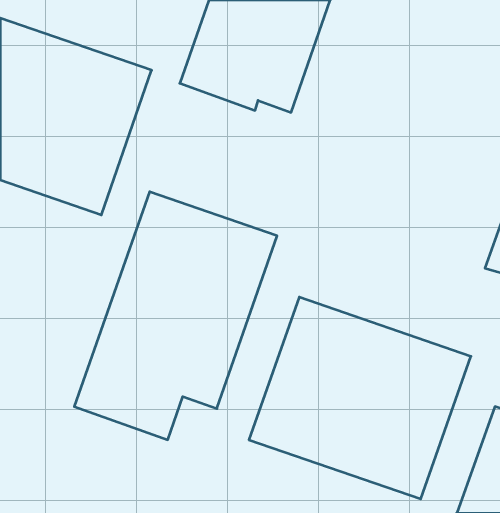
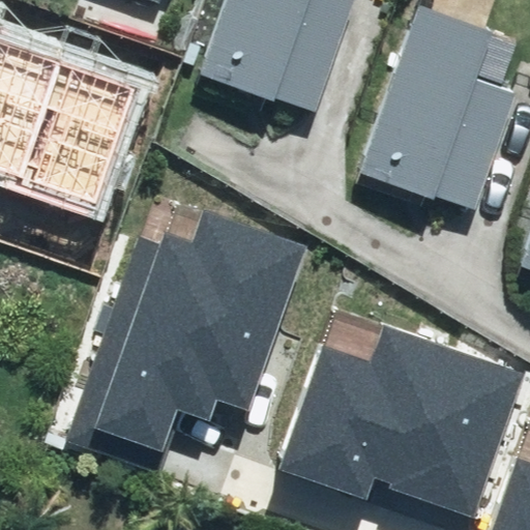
building: none -> [356,8,520,211]

